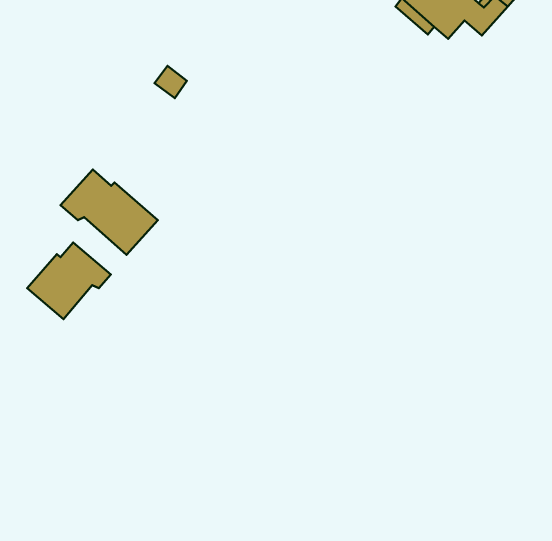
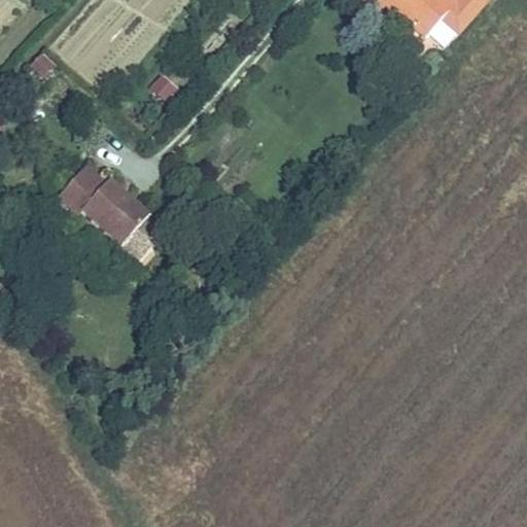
building: [27,243,111,319] -> none

